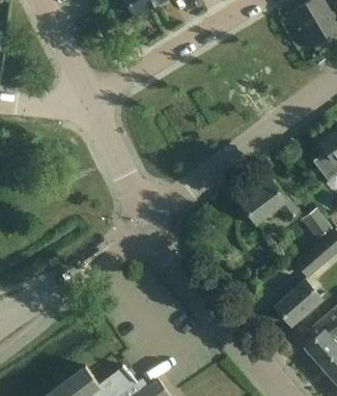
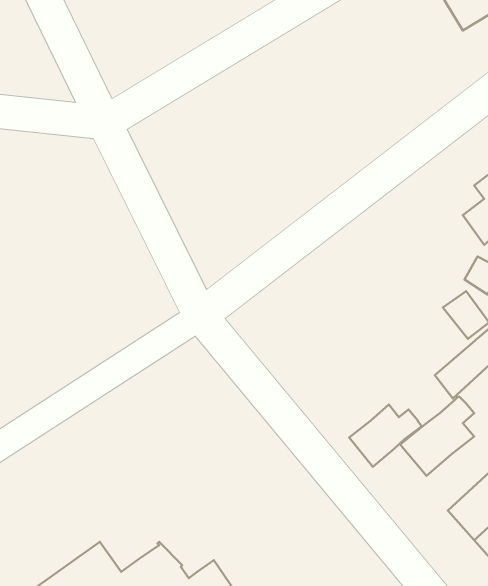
building: [241,180,299,224] -> none
building: none -> [349,405,421,467]

